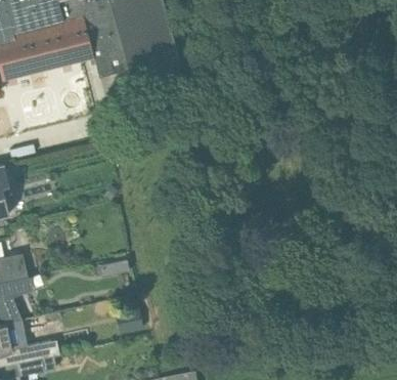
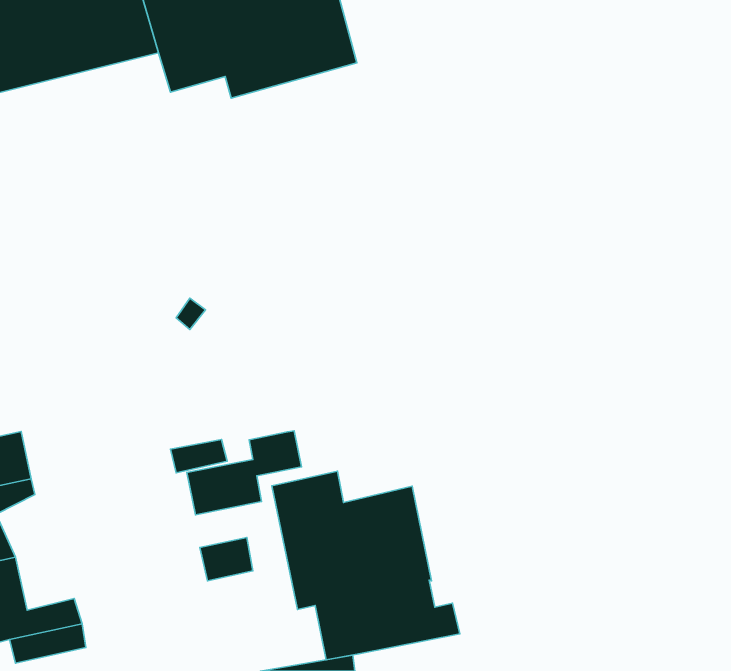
building: none -> [187,431,302,515]
building: none -> [272,471,460,660]

